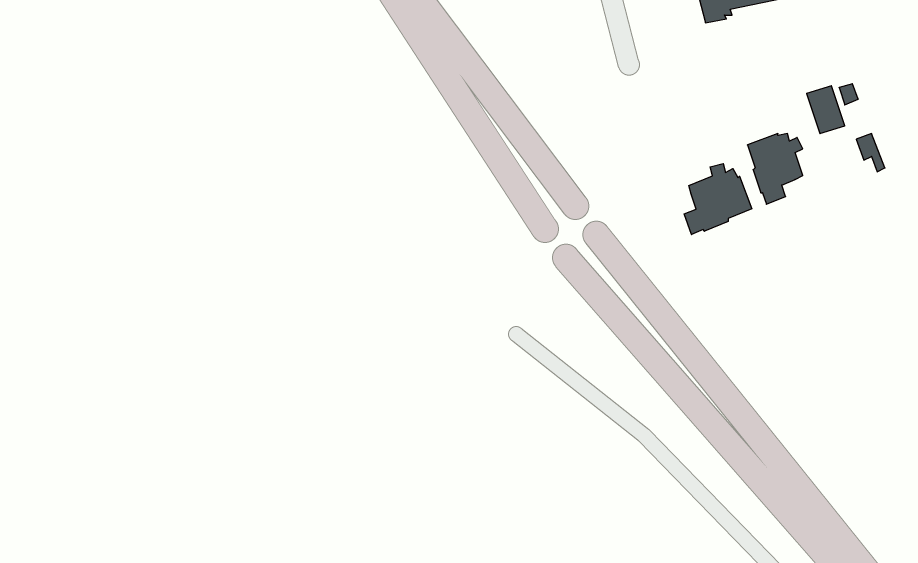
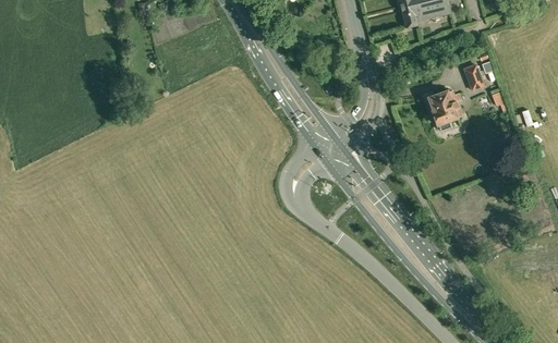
building: [684,164,752,235] -> none

